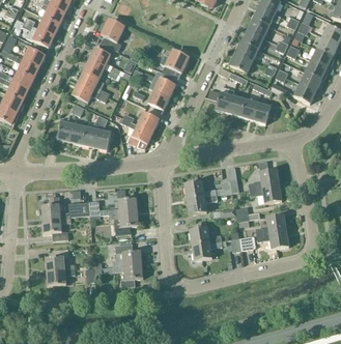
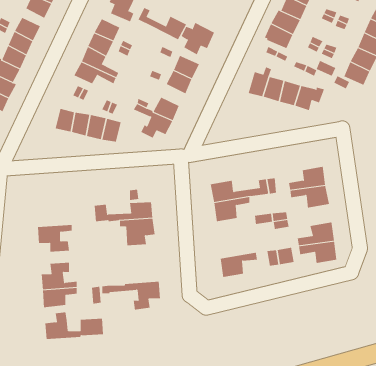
building: none -> [138,7,187,40]
building: [40,196,89,219] -> [45,312,104,340]
building: [189,222,222,245] -> none
building: [113,243,142,265] -> none

